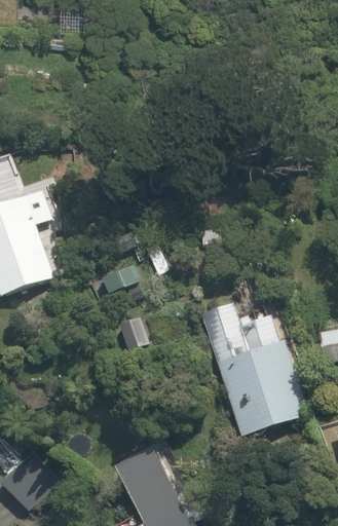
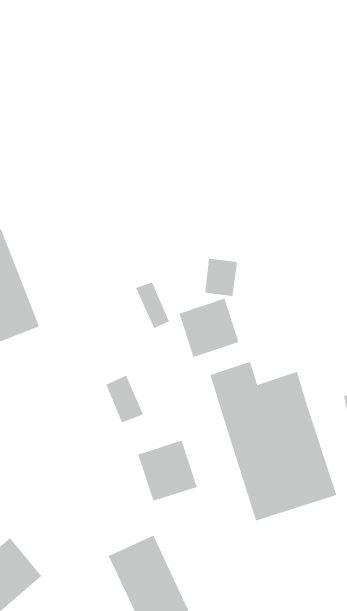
building: none -> [179,298,239,358]
building: none -> [137,440,198,502]

